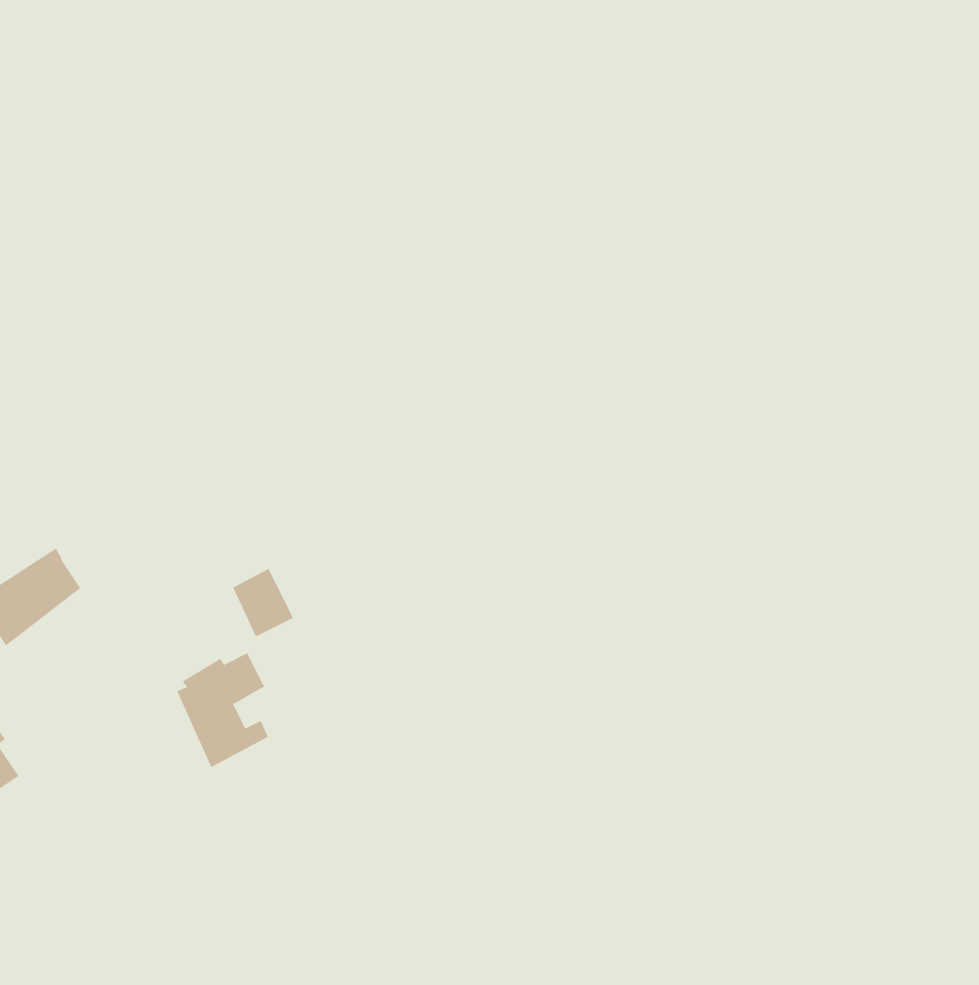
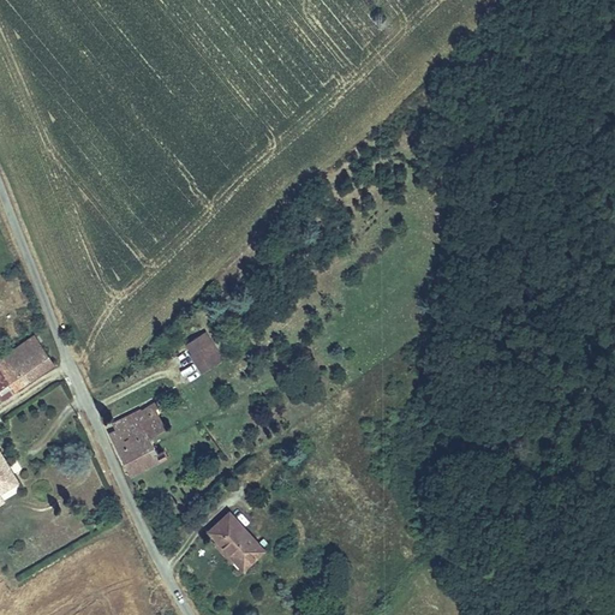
building: [232,568,294,637] -> [179,329,217,372]
building: none -> [209,513,264,569]

